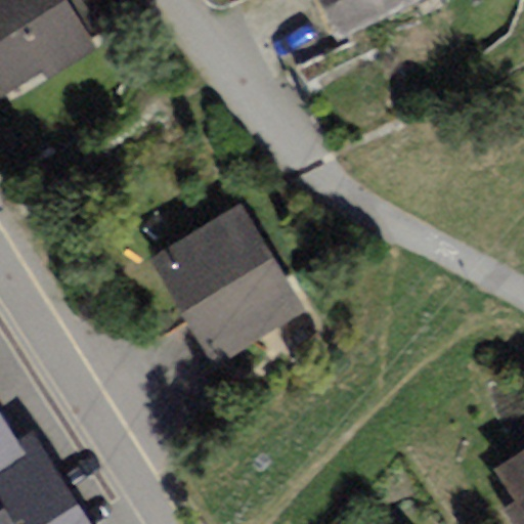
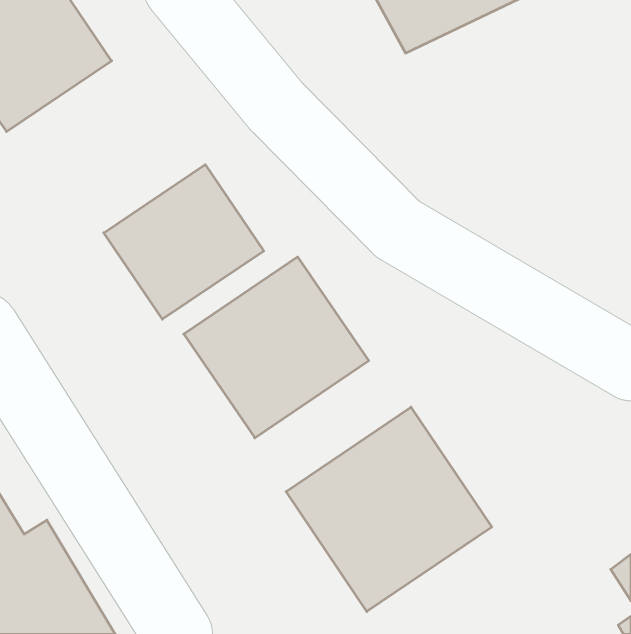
building: none -> [104,165,264,319]
building: none -> [286,407,492,612]

